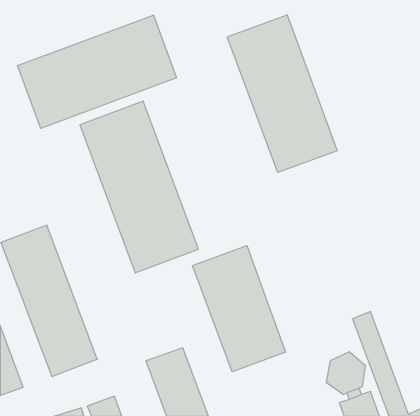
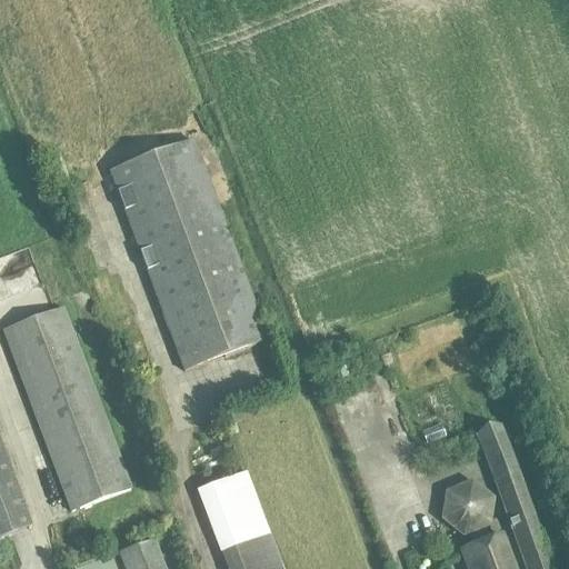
building: [227,15,337,172] -> none
building: [18,15,177,128] -> none
building: [193,246,286,372] -> none

